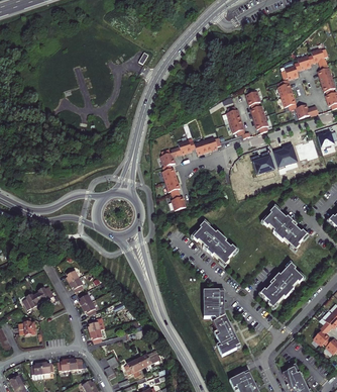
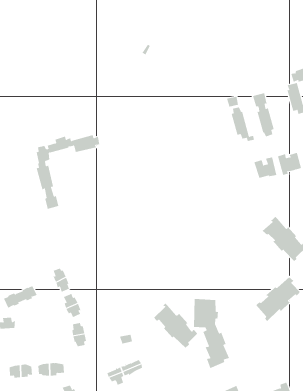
building: [160,136,221,210] -> [36,134,100,210]
building: [193,222,236,265] -> [153,303,198,349]

